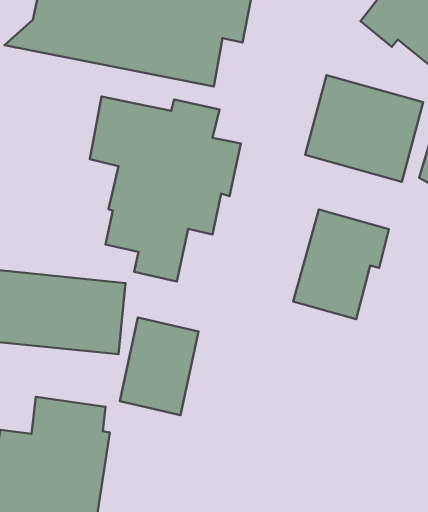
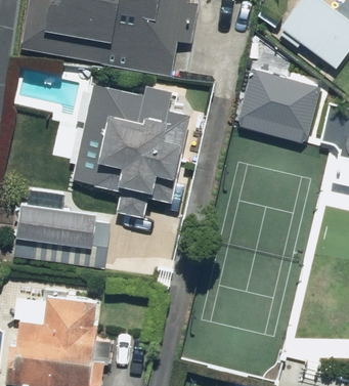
building: [293,210,389,319] -> none
building: [120,318,199,415] -> none

